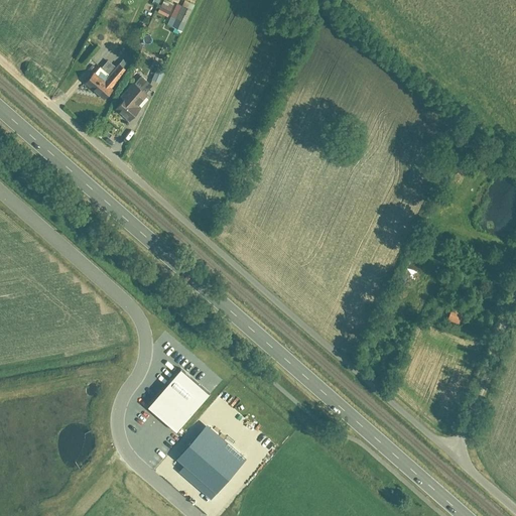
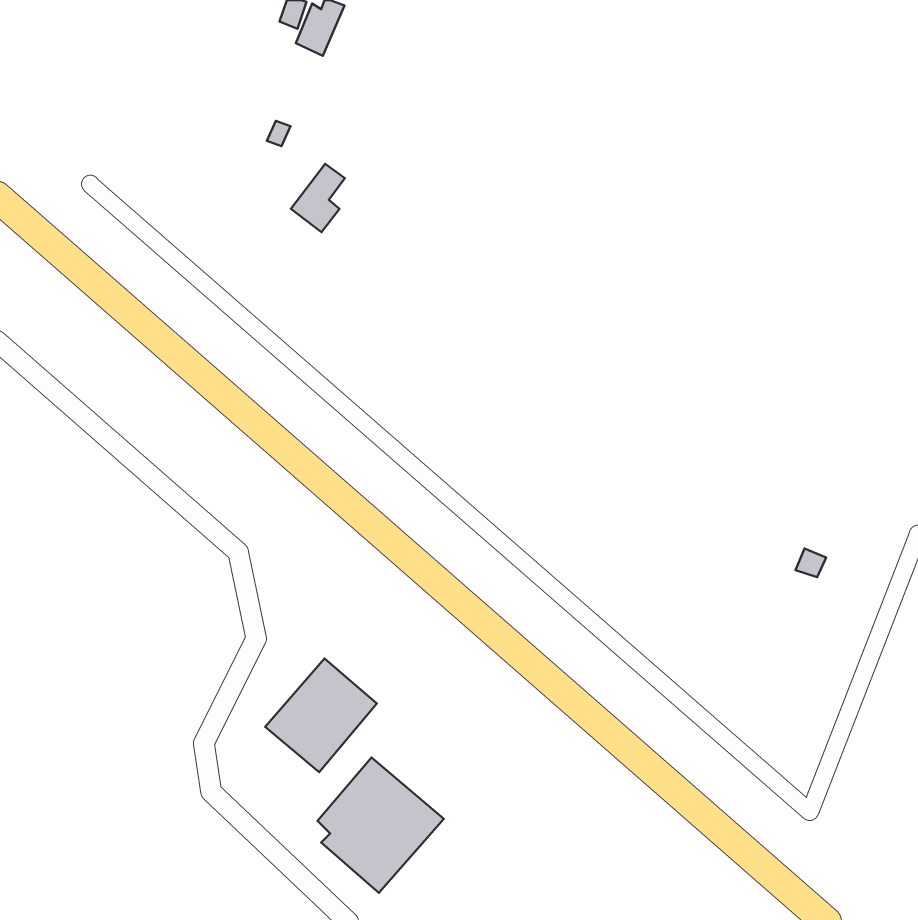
building: [82,64,126,101] -> none
building: [112,85,142,123] -> [291,164,345,232]

